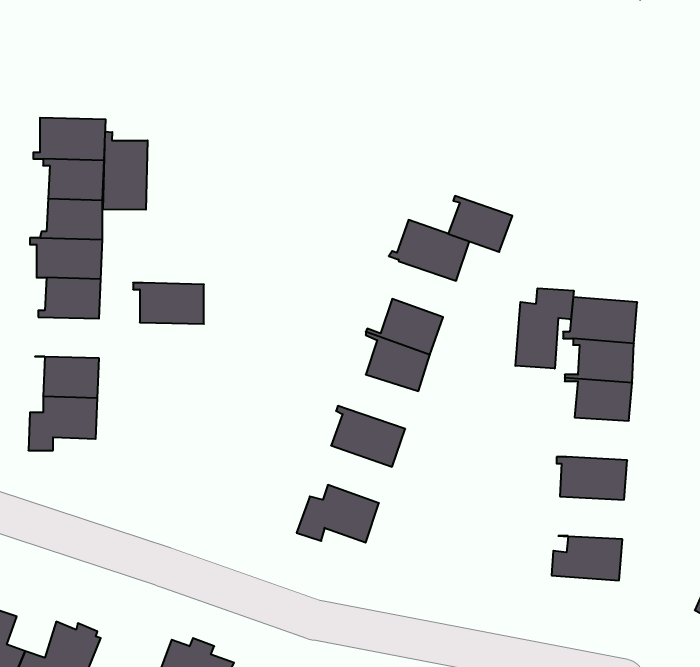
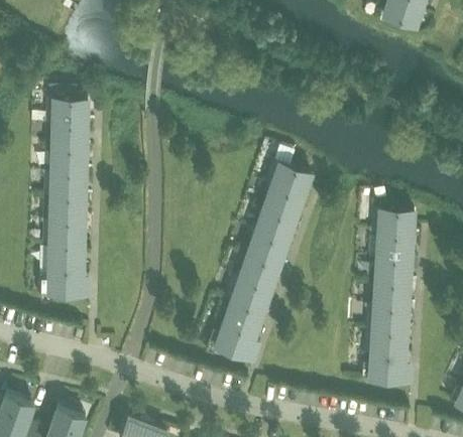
building: [103,132,148,210] -> none
building: [448,196,512,252] -> [265,186,305,221]
building: [133,283,204,324] -> [42,221,86,246]
building: [515,288,574,369] -> none
building: none -> [238,256,281,289]
building: none -> [372,282,411,308]
building: none -> [226,299,265,334]
building: none -> [367,330,408,356]

